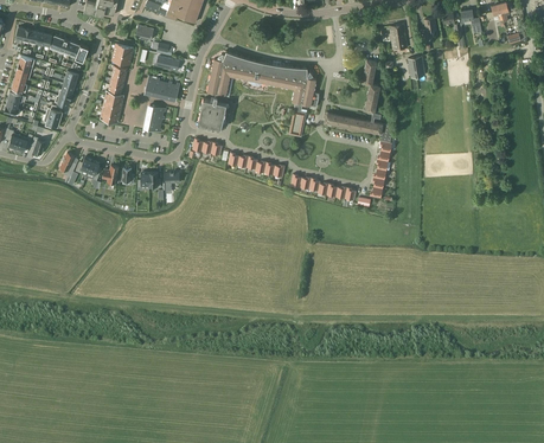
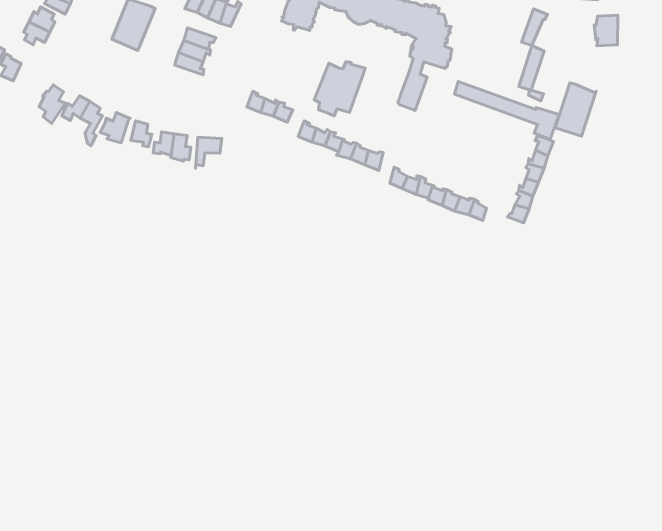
building: [198,96,228,131] -> [314,62,365,116]
building: none -> [555,83,596,136]

